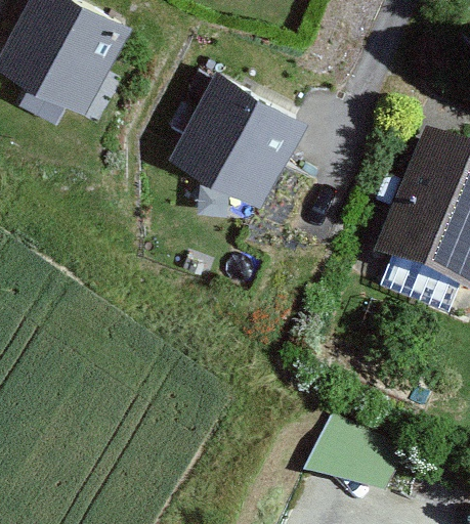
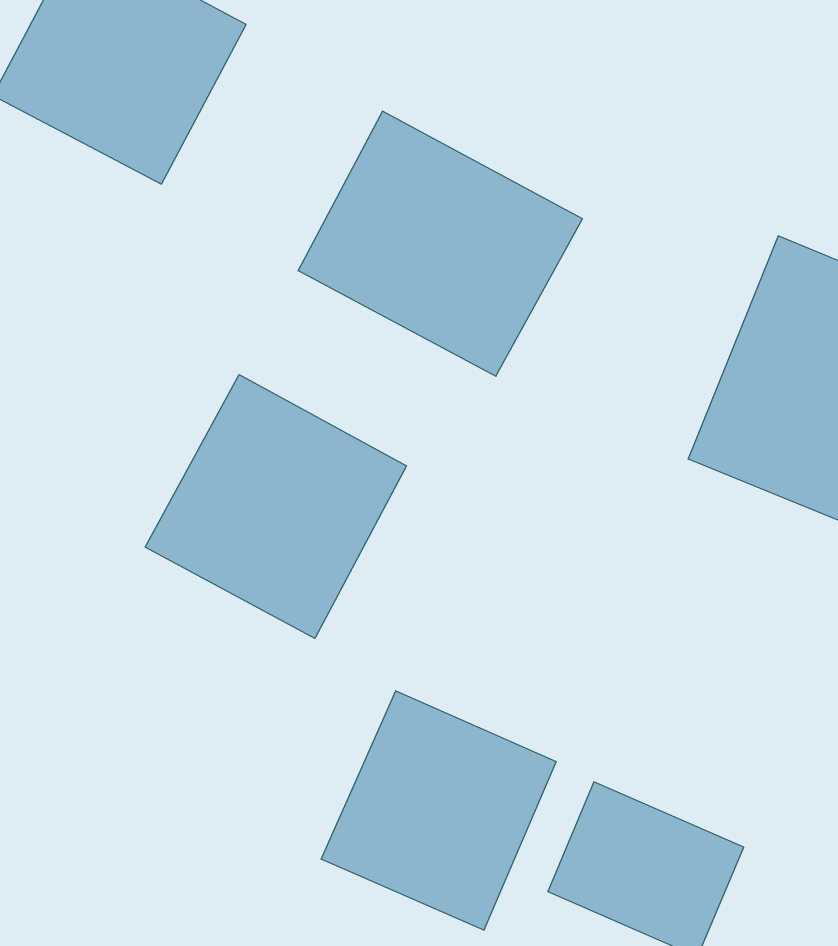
building: none -> [145,375,406,638]
building: none -> [321,691,556,930]

